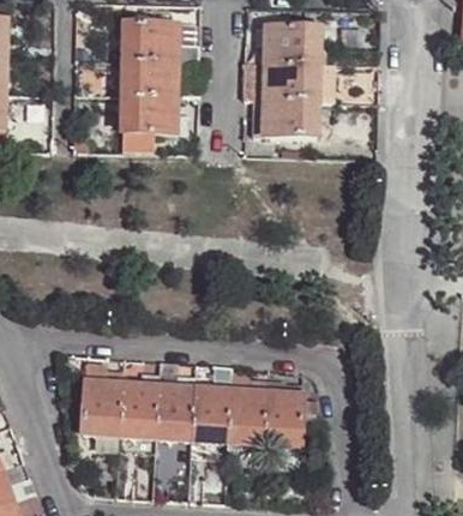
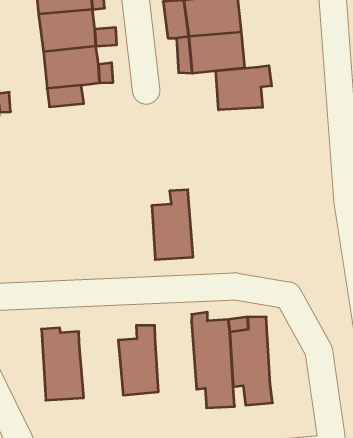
building: none -> [216,66,272,110]
building: [119,373,161,440] -> none
building: [192,377,233,444] -> [152,190,193,260]

